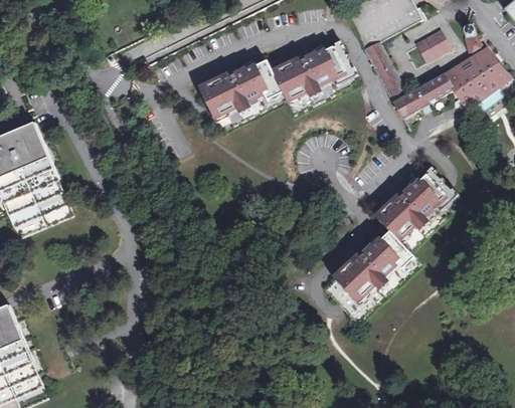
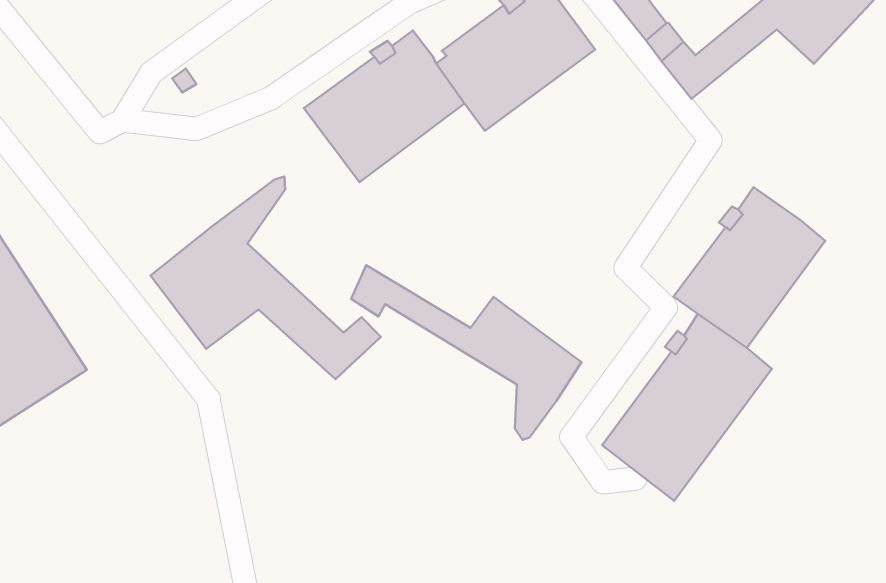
building: none -> [151,176,381,379]
building: none -> [351,265,582,440]

